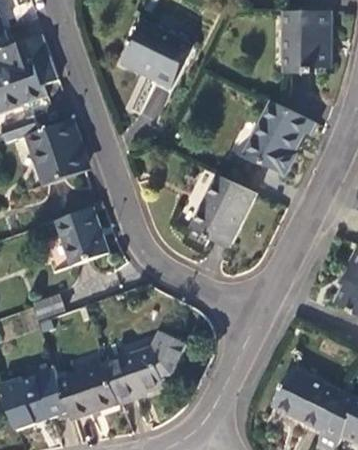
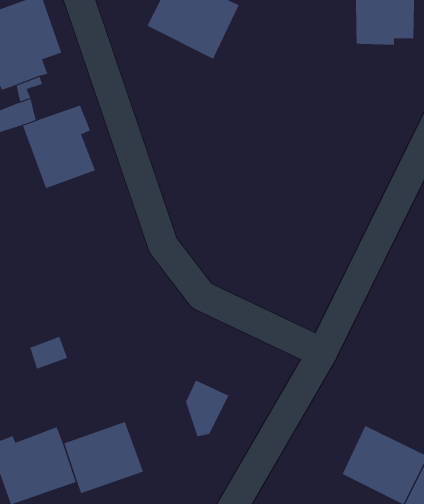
building: [243,100,315,175] -> none
building: [176,175,255,246] -> none
building: [57,208,107,265] -> none
building: [106,349,164,403] -> none

